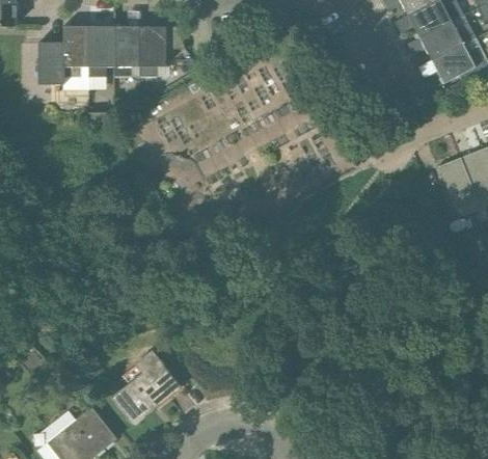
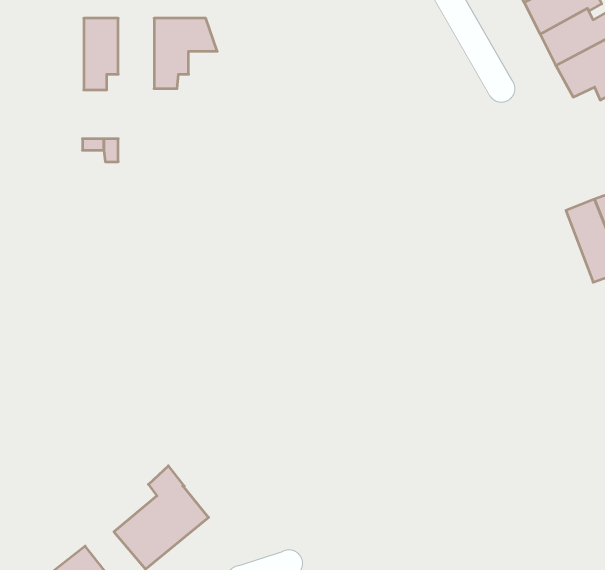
building: [38,25,89,89] -> none
building: [114,25,140,76] -> none

